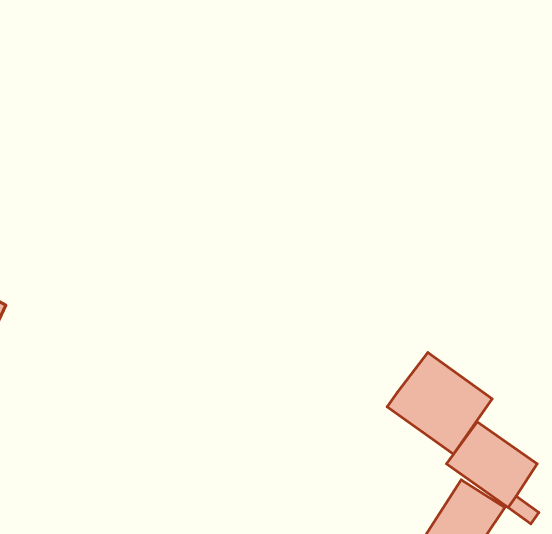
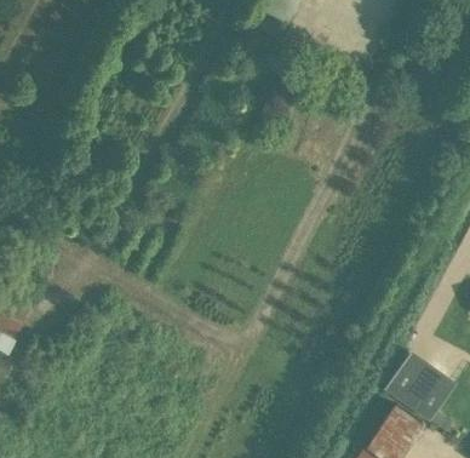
building: [387,352,492,454] -> none

